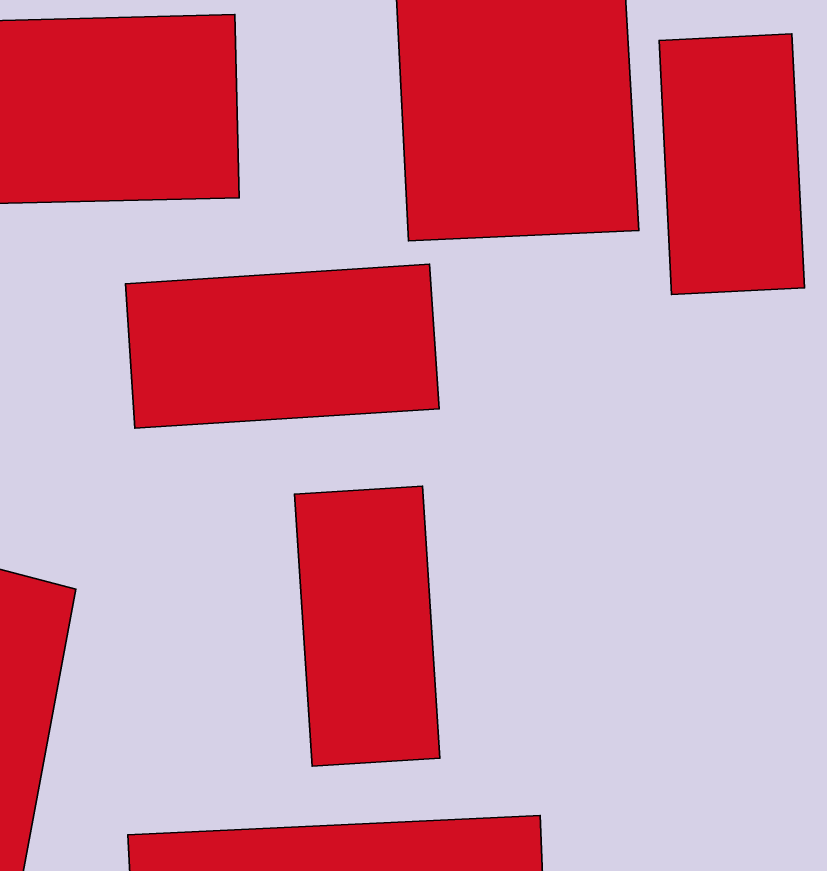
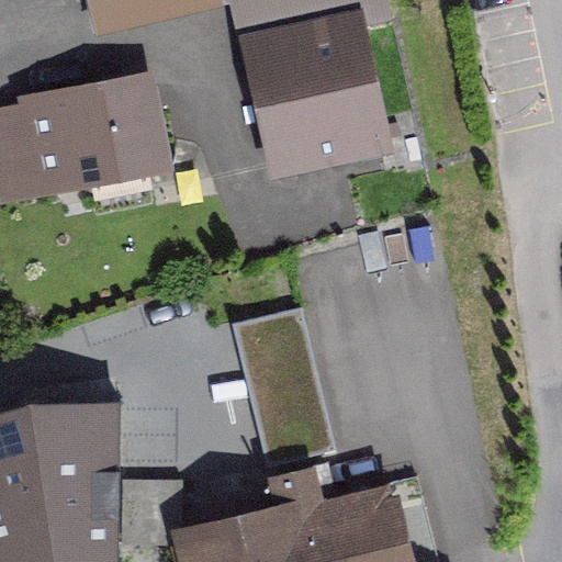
building: [659,34,804,295] -> none
building: [126,264,439,428] -> none

